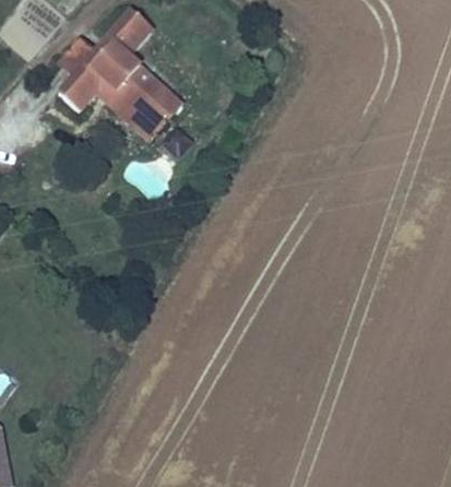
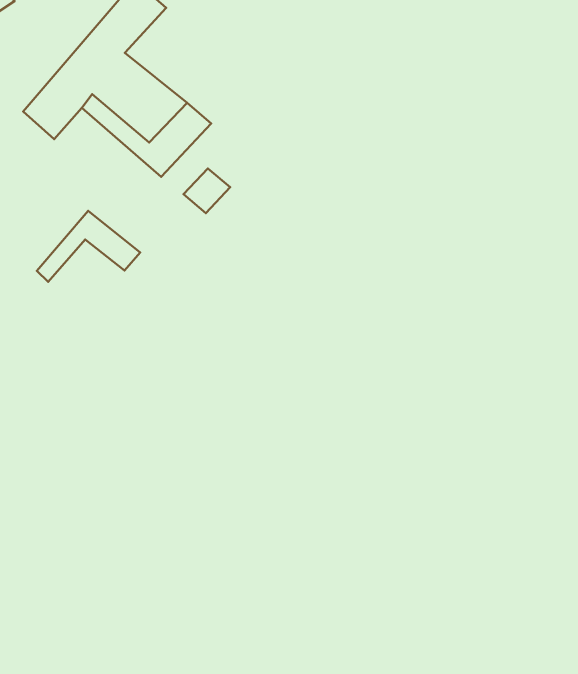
building: none -> [37,211,140,282]

